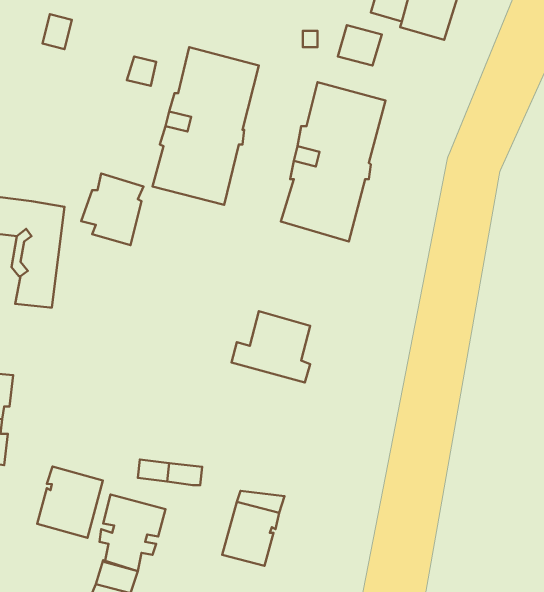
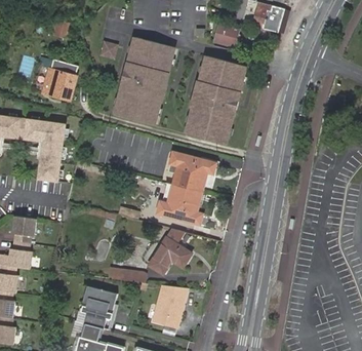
building: [81,174,143,245] -> [42,60,77,100]
building: none -> [170,151,214,192]
building: none -> [146,226,190,273]
building: [37,466,103,538] -> none

